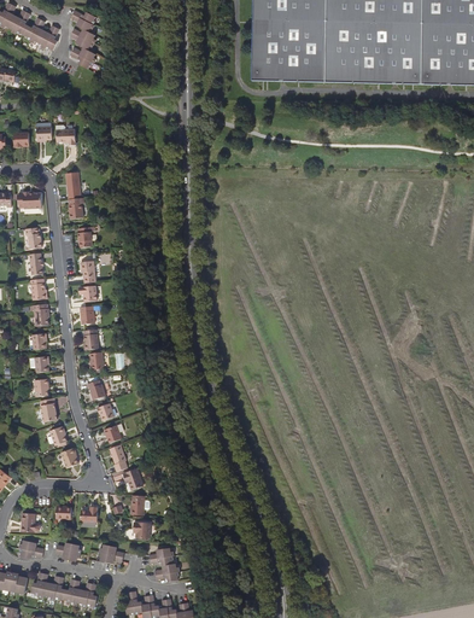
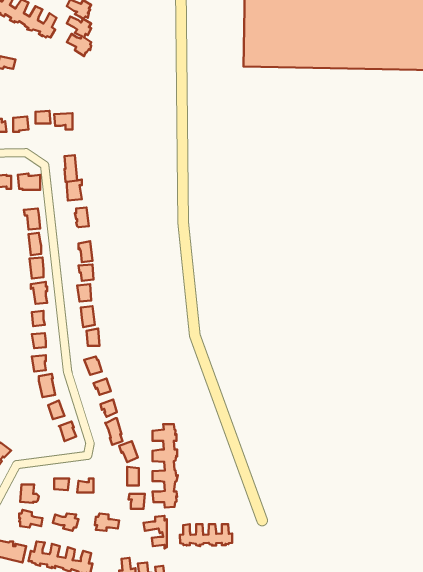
building: none -> [152,424,178,508]
building: none -> [180,524,232,546]

